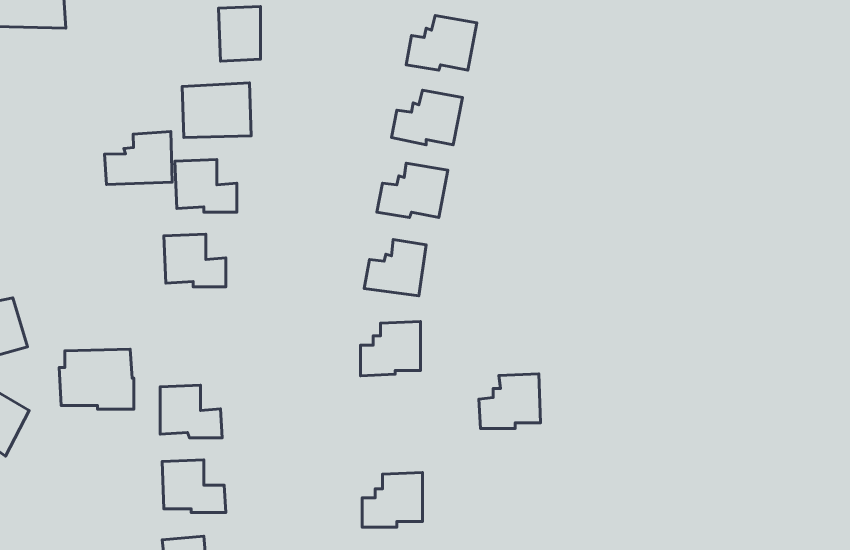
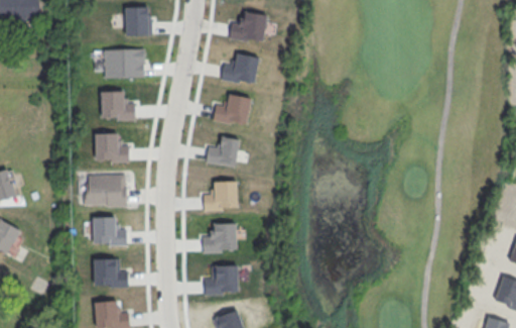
building: [104,131,172,185] -> none
building: [59,349,134,409] -> [86,174,127,207]
building: [479,374,541,428] -> [203,222,237,252]

